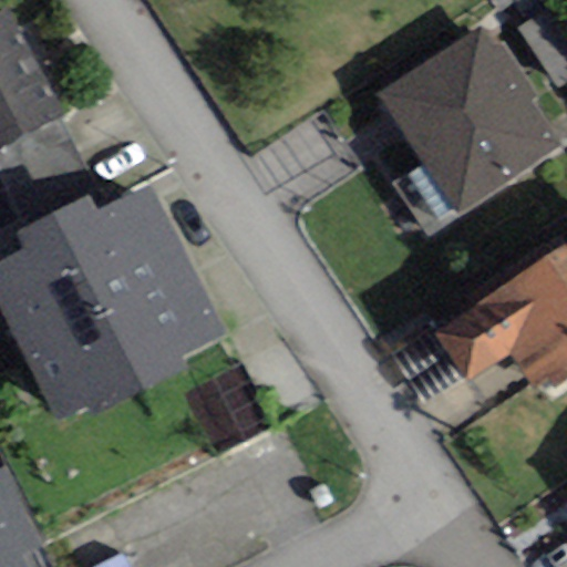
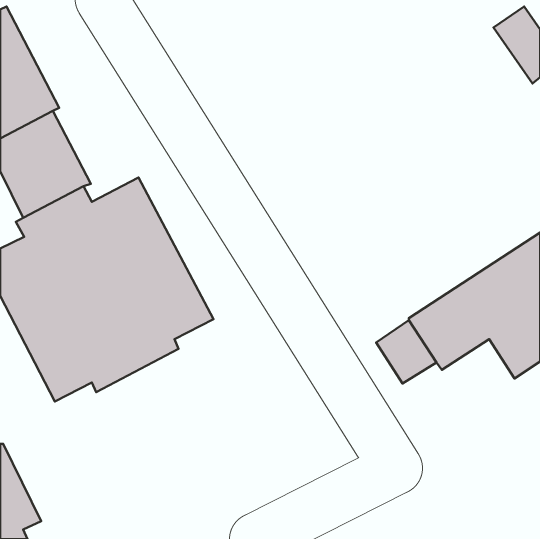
building: [377,24,560,213] -> none

